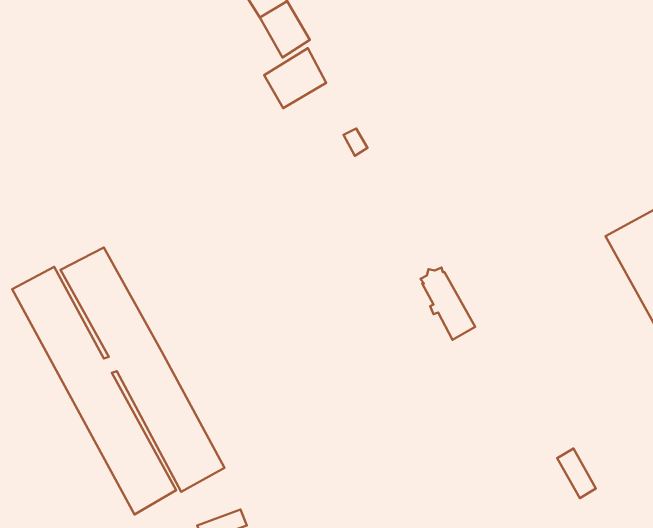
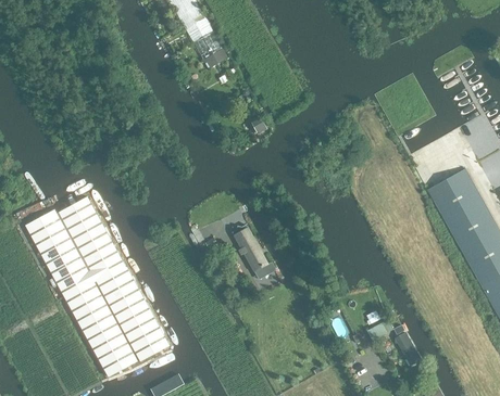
building: [264,48,326,108] -> none
building: [420,267,475,340] -> [233,223,270,272]

